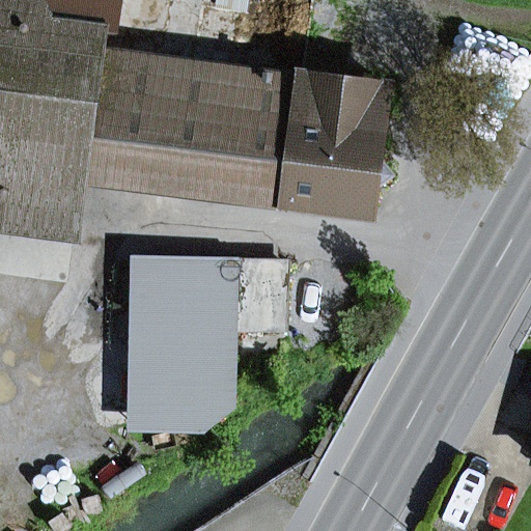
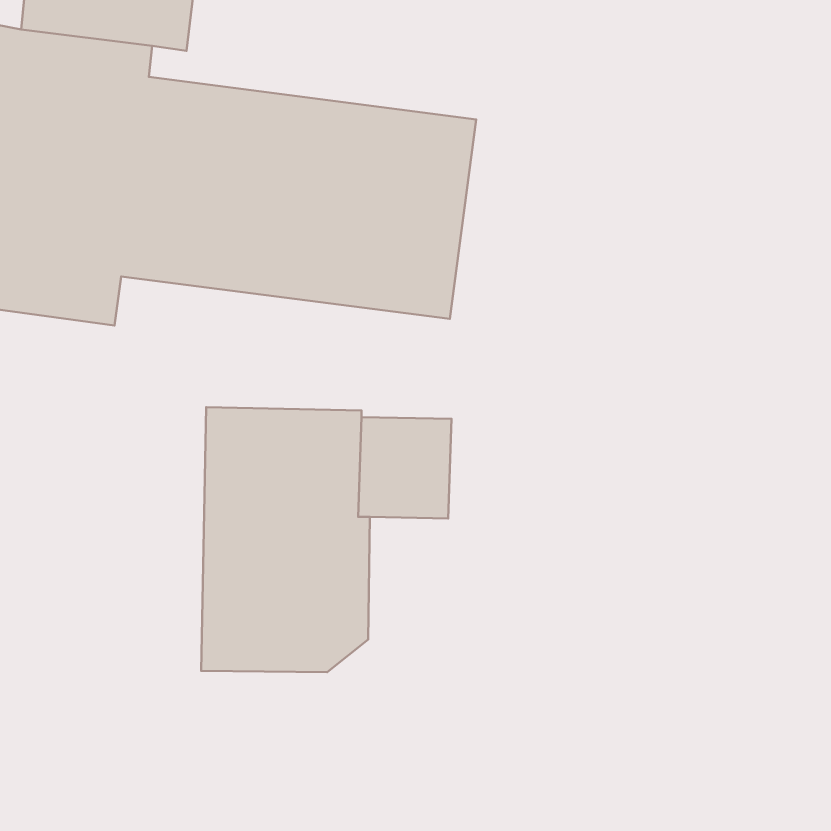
building: [285,76,389,213] -> none

